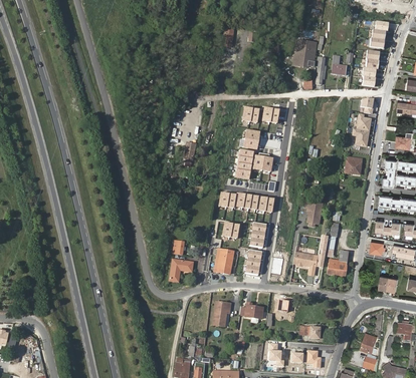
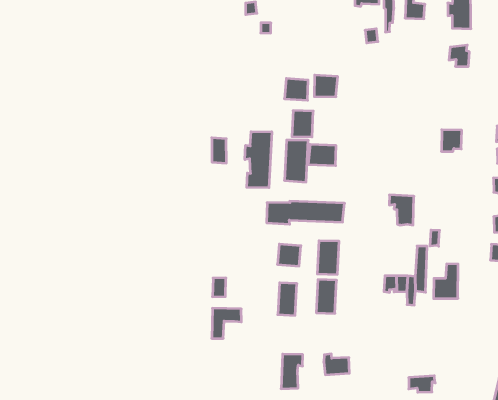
building: [351,114,371,148] -> none
building: none -> [245,132,272,188]

